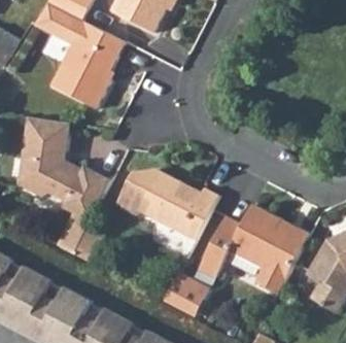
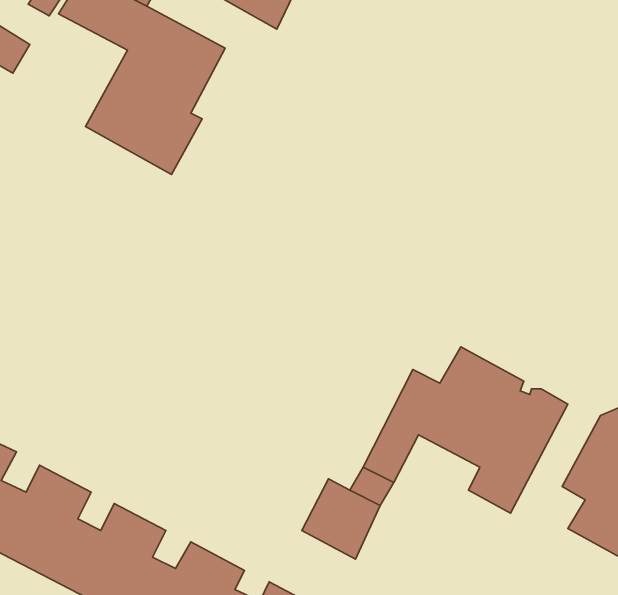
building: [18,117,111,253] -> none
building: [115,170,218,242] -> none

